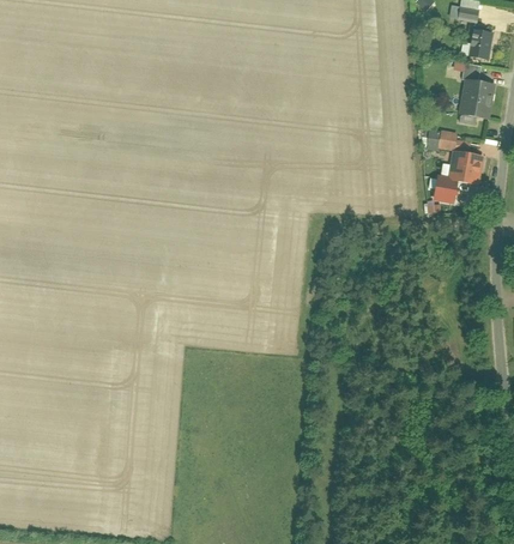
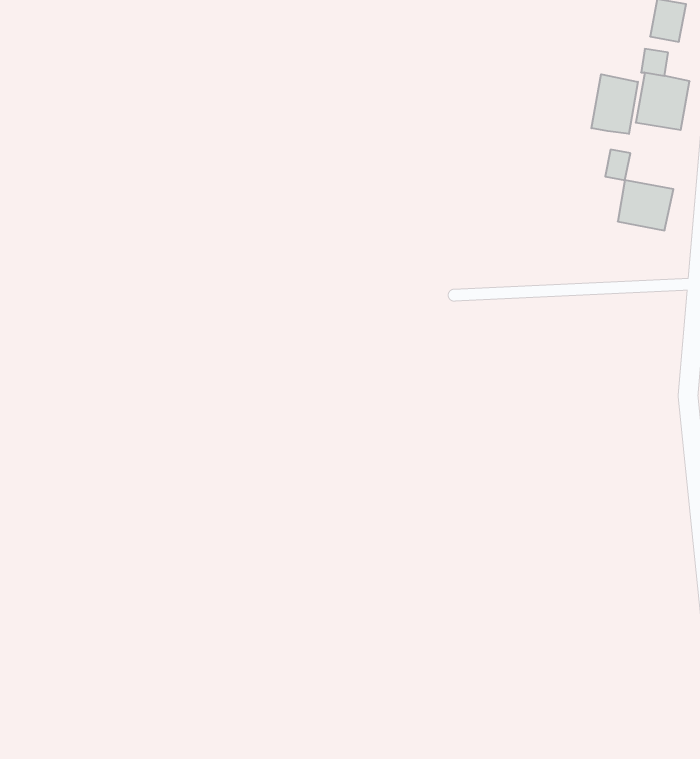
building: none -> [591,74,638,134]
building: [429,179,455,206] -> none

